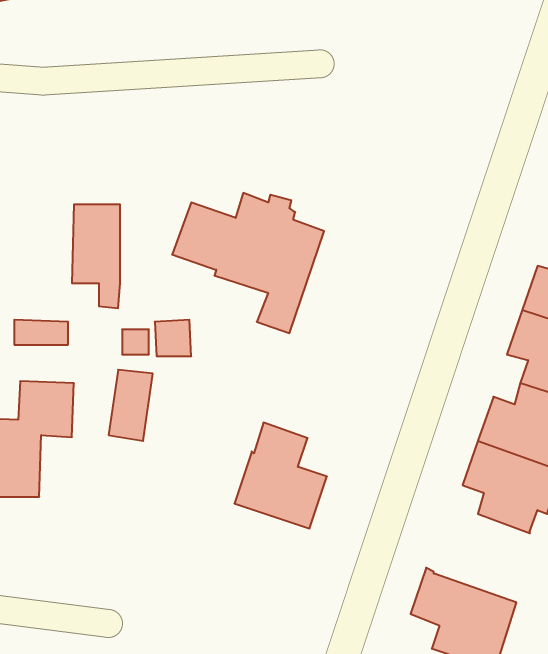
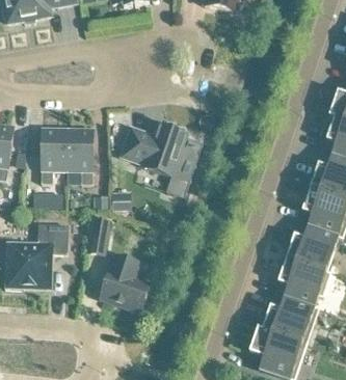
building: none -> [41,128,68,184]
building: [234,423,327,528] -> [100,254,150,311]
building: none -> [262,296,319,344]

